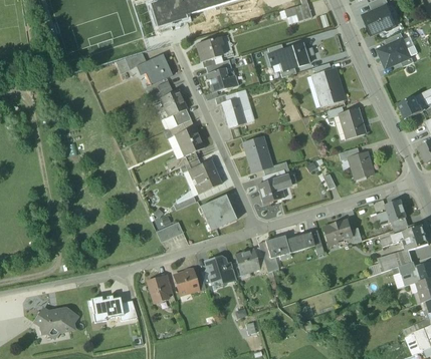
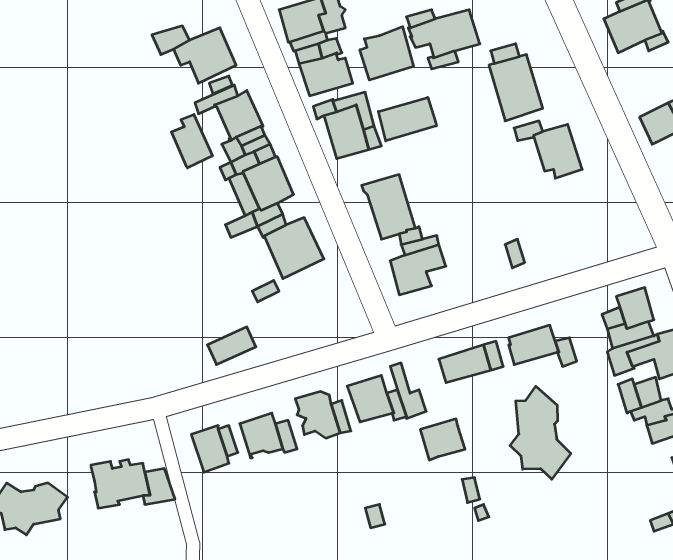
building: none -> [360,27,413,80]
building: none -> [378,97,436,141]
building: none -> [171,114,212,168]
building: [339,146,374,178] -> none
building: [200,195,236,230] -> none
building: [264,235,289,258] -> [420,419,465,460]
building: none -> [510,386,571,479]

